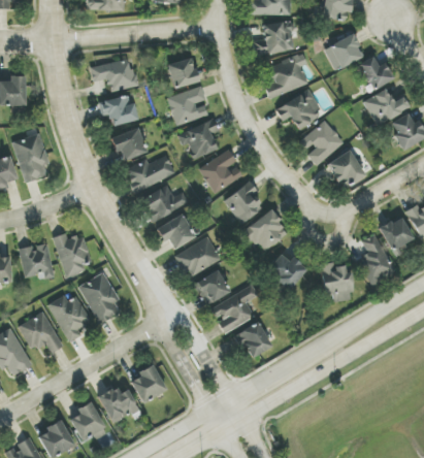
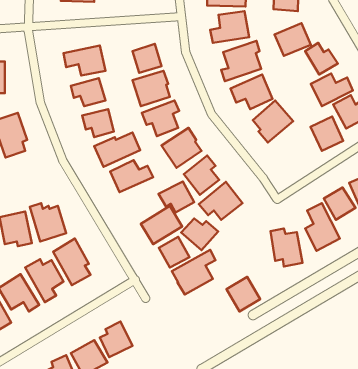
building: [328,150,364,188] -> [311,116,343,151]
building: [156,214,195,248] -> [159,182,194,212]
building: [266,254,307,289] -> [181,218,218,250]
building: [235,321,272,359] -> [226,277,260,311]

